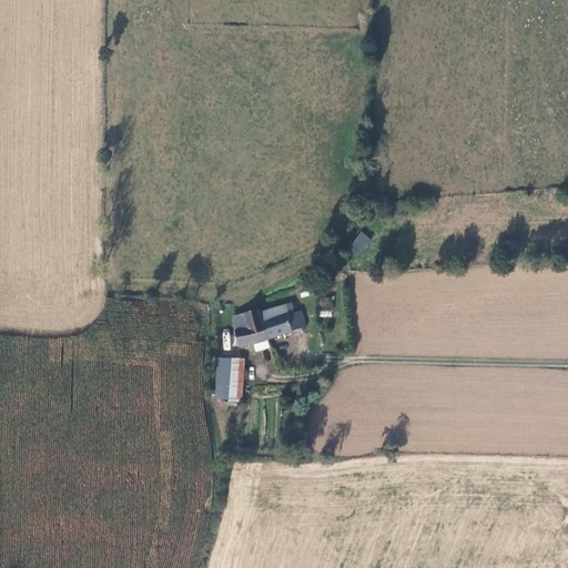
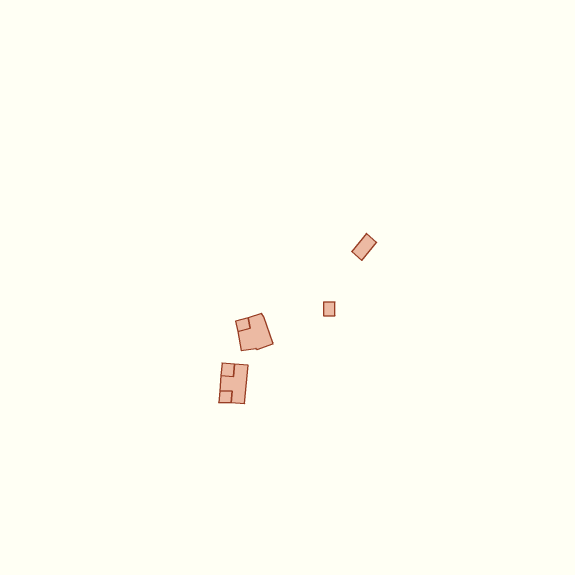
building: [260,304,305,337] -> none

